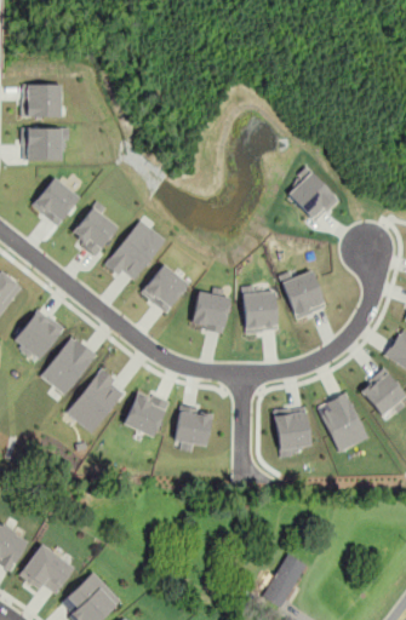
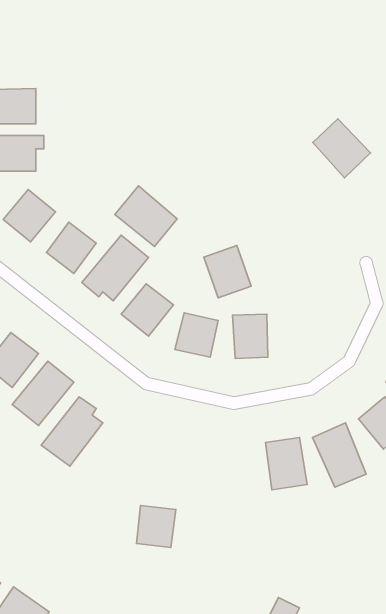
building: [286,168,339,223] -> [313,119,371,178]
building: none -> [115,186,177,247]
building: [282,270,326,318] -> [204,245,251,298]
building: [124,390,168,437] -> none
building: [176,407,212,446] -> [137,506,176,548]

